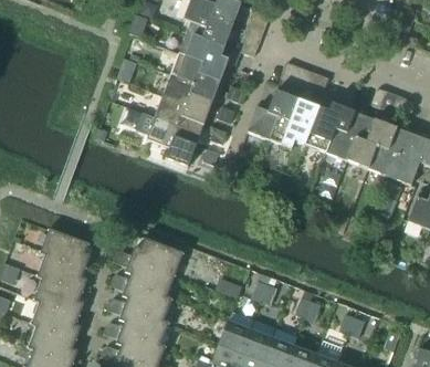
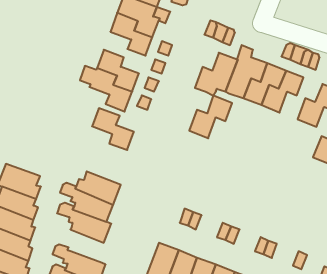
building: [164,74,212,123] -> [92,108,134,150]
building: [248,90,297,139] -> [189,95,232,138]
building: [368,127,418,176] -> none
building: [106,297,169,343] -> none

